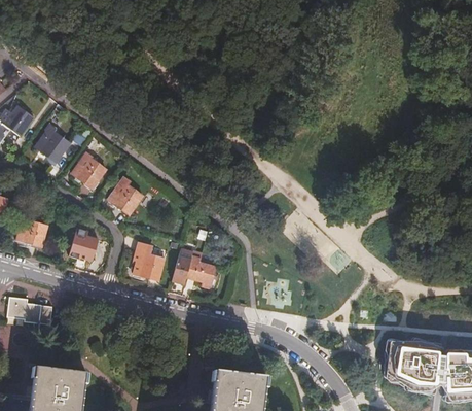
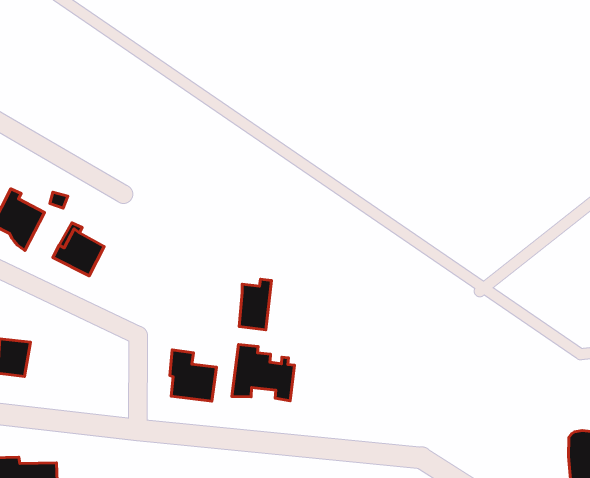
building: [106,182,141,216] -> none
building: none -> [239,279,272,330]
building: [69,233,102,262] -> none

